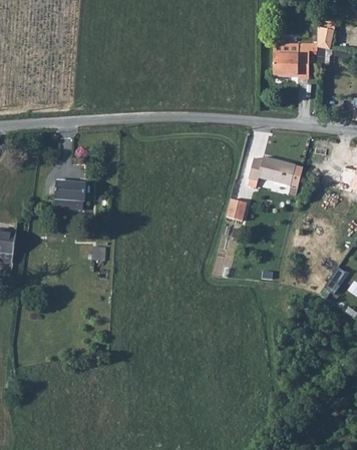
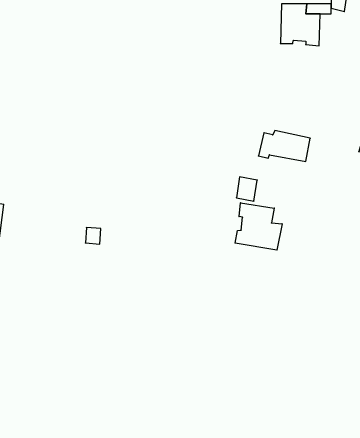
building: [54,182,83,209] -> none
building: none -> [235,203,282,250]

